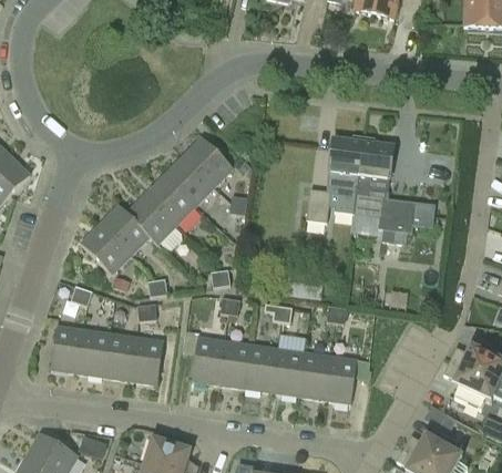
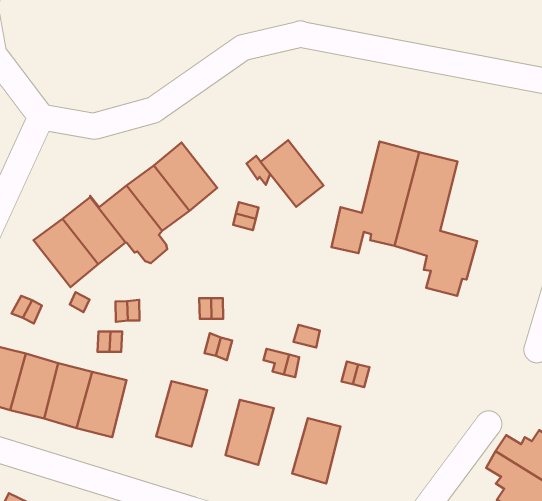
building: [183,136,233,186] -> [261,140,324,207]
building: [218,340,250,388] -> none
building: [270,348,304,395] -> none
building: [324,356,357,403] -> none

